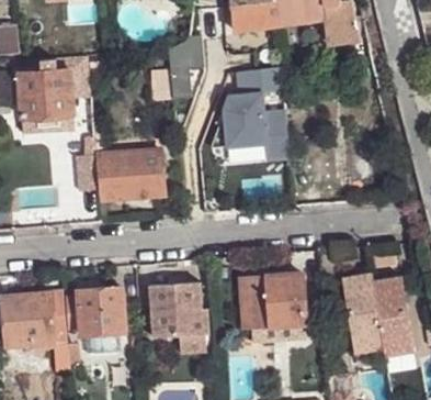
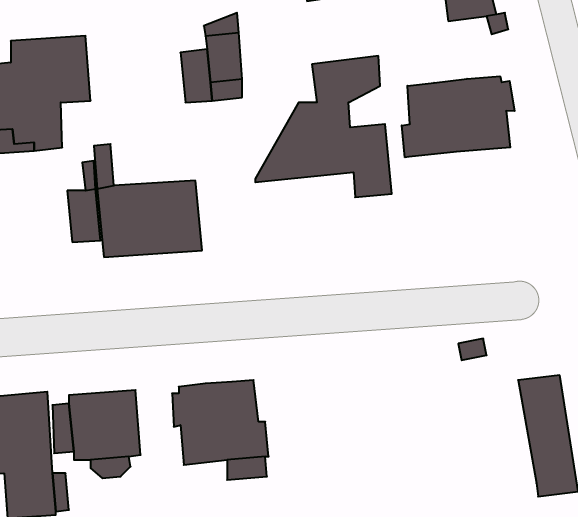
building: none -> [402,76,515,157]
building: [341,268,385,355] -> none
building: [240,274,305,341] -> none

